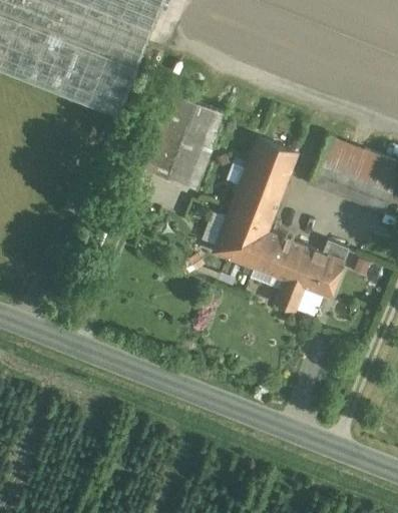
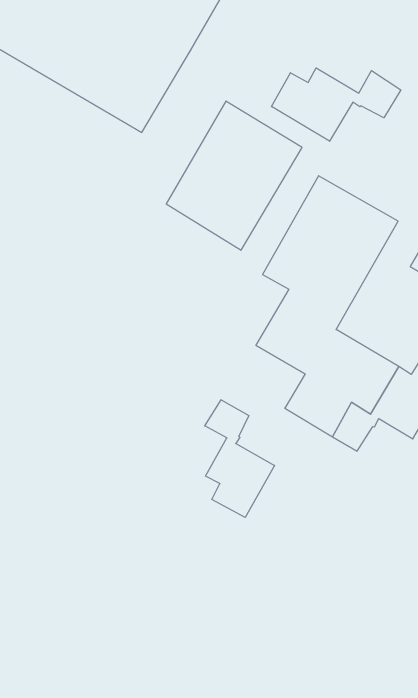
building: none -> [271,68,401,141]
building: none -> [205,400,275,517]

